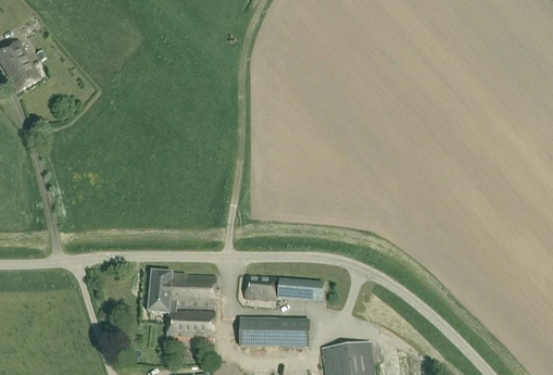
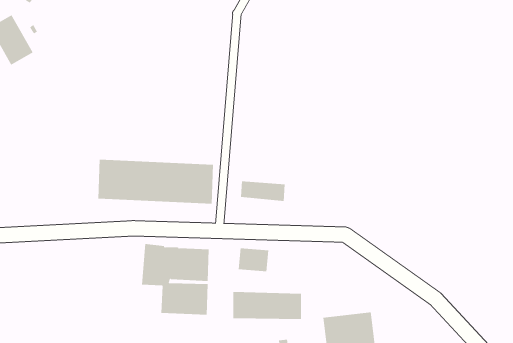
building: none -> [98,159,214,204]
building: [274,279,319,300] -> [240,181,286,201]

